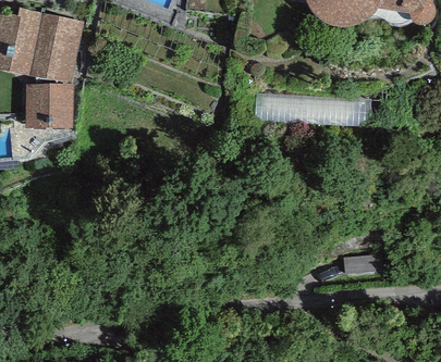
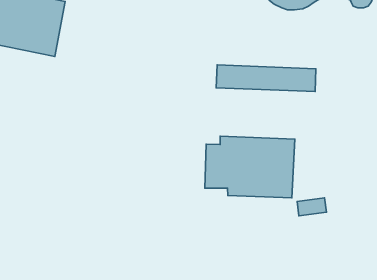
building: [24,83,72,128] -> none
building: none -> [205,136,295,198]

